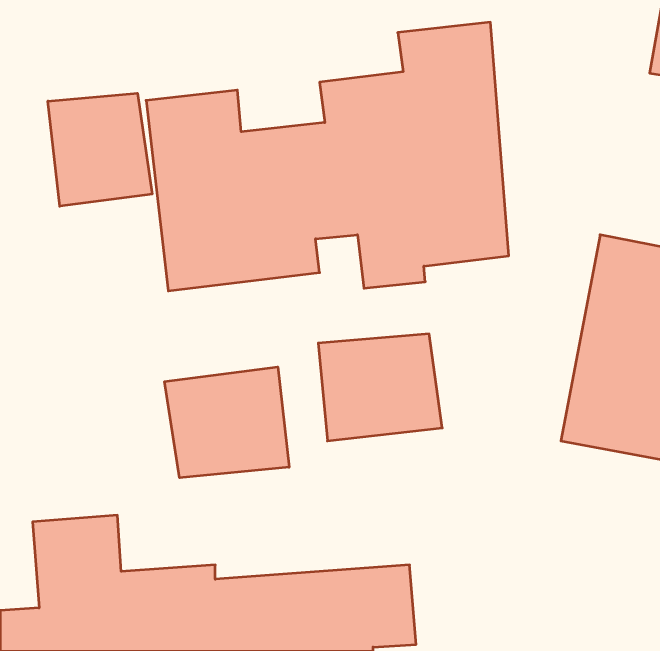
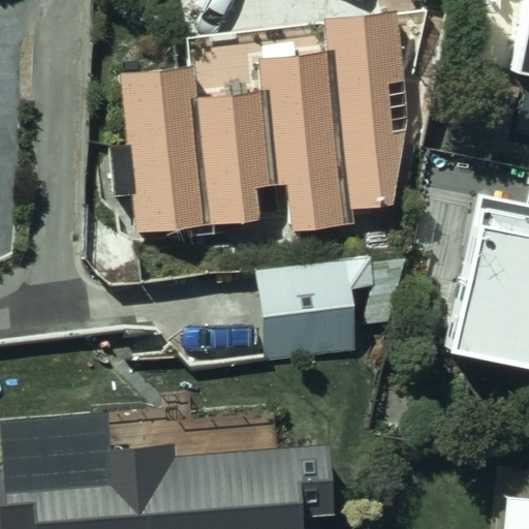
building: [48,93,152,206] -> none
building: [165,367,289,478] -> none

